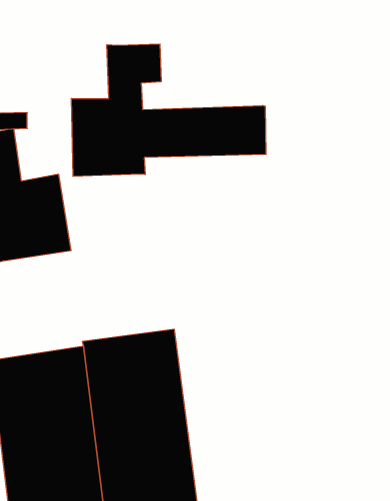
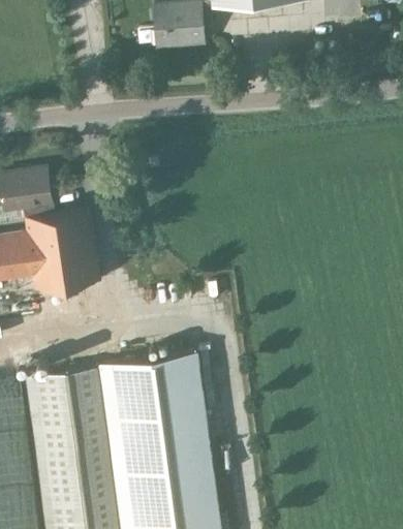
building: [71,44,266,176] -> none

